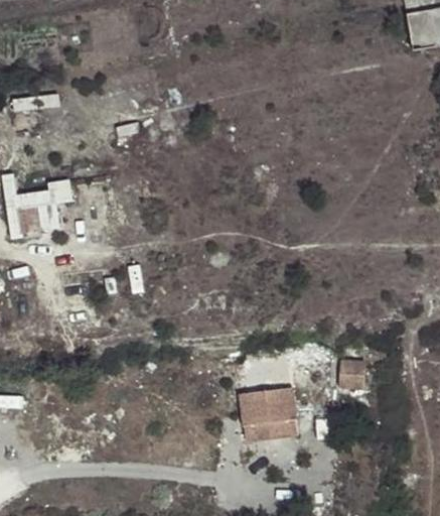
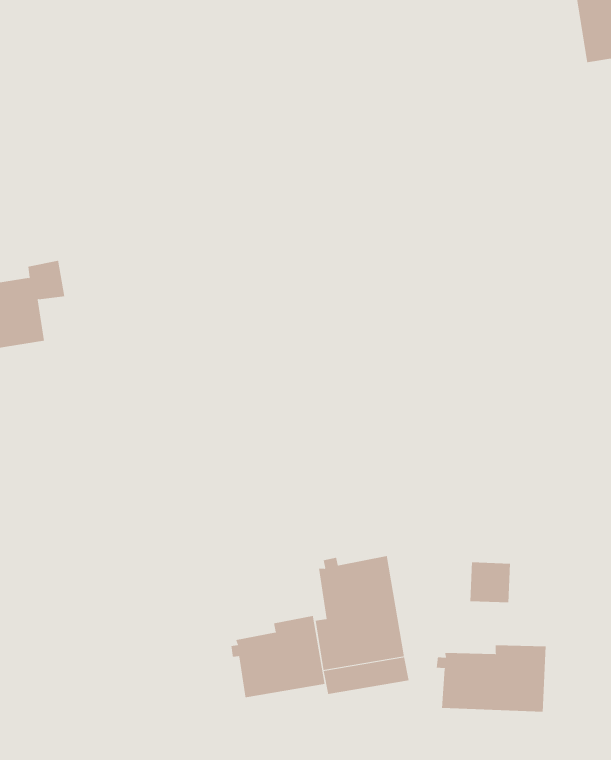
building: none -> [231,615,325,698]
building: none -> [436,645,546,713]

